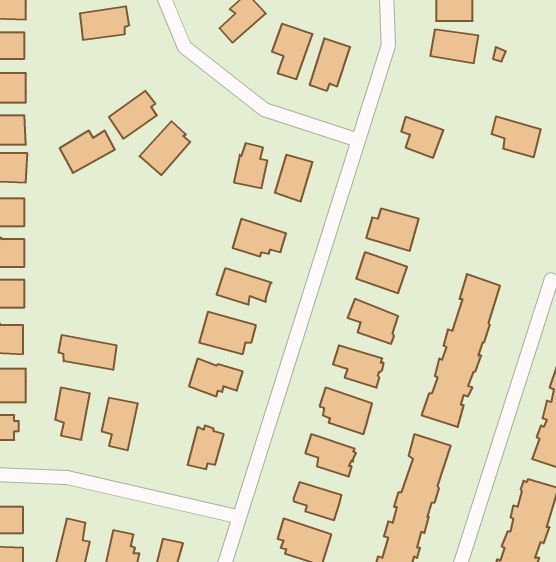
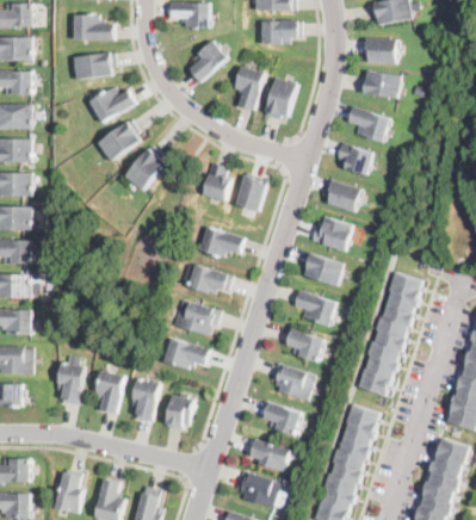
building: [491,116,541,157] -> [348,106,389,140]
building: [60,131,115,173] -> [89,86,135,120]
building: none -> [324,179,361,211]
building: [59,335,116,370] -> none
building: none -> [130,379,159,422]

